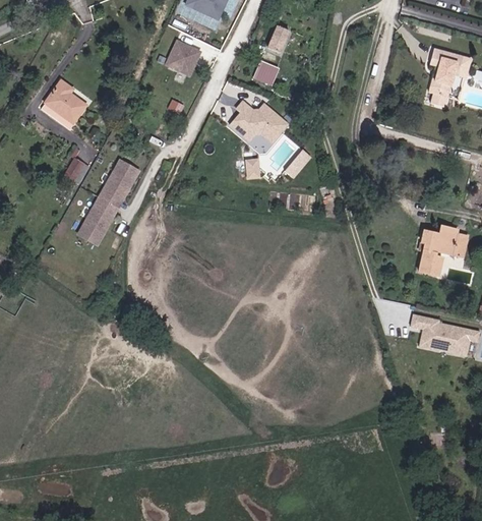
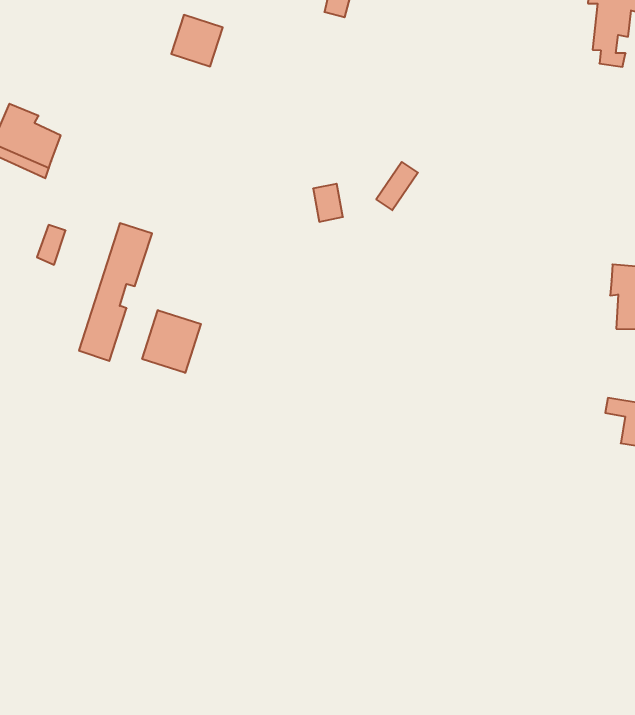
building: [252,59,278,85] -> none
building: [230,100,287,141] -> none
building: none -> [142,310,201,373]

